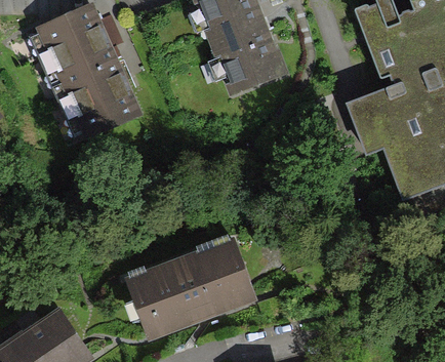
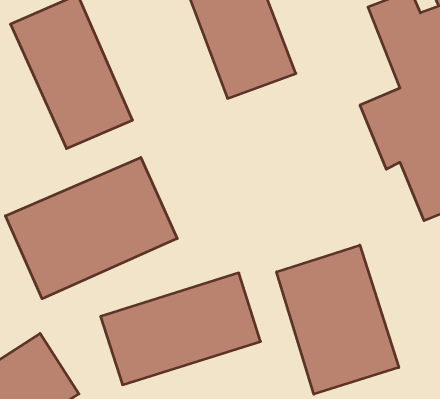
building: none -> [5,157,177,299]
building: none -> [277,245,399,394]

